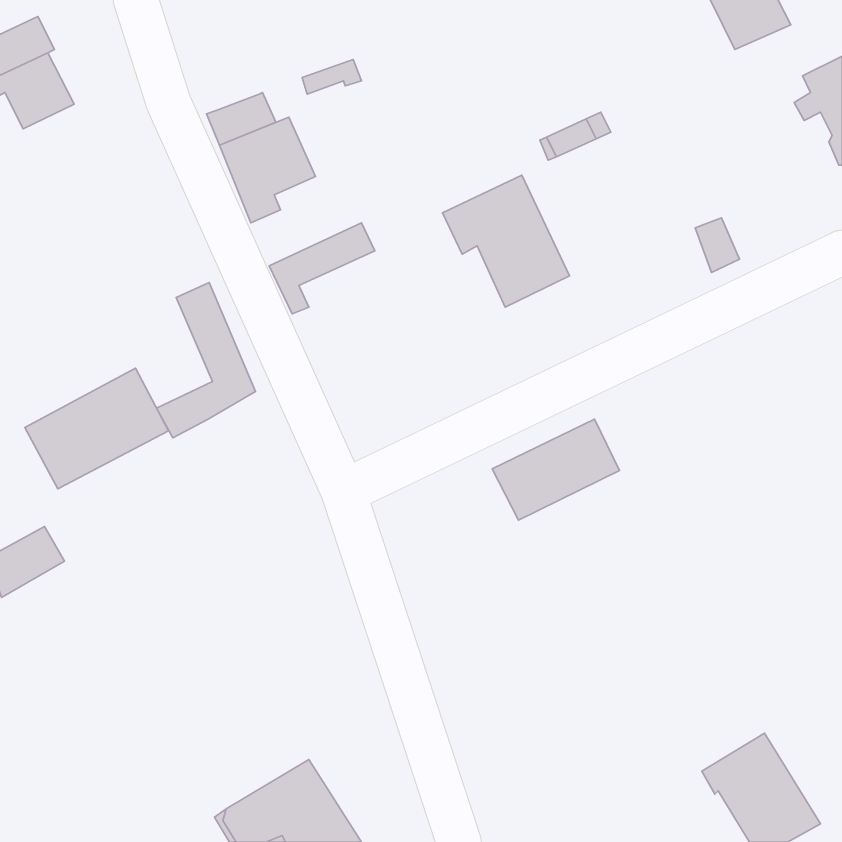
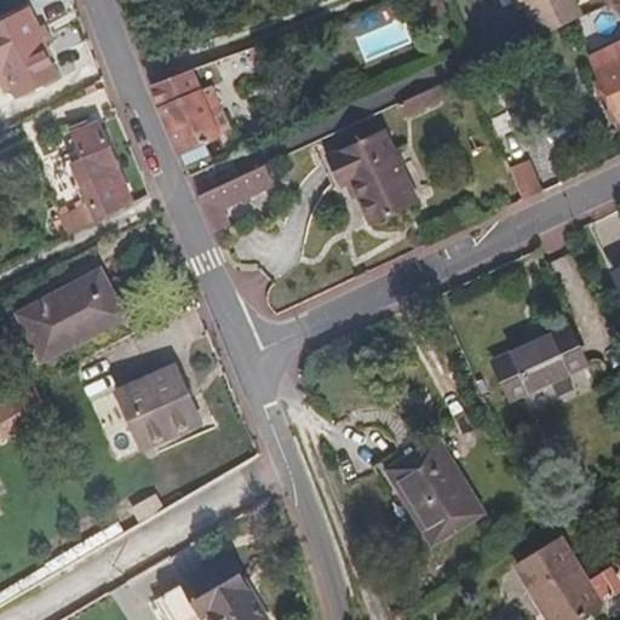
building: [156,283,255,438] -> [59,121,132,235]
building: [492,419,619,520] -> [492,326,585,400]
building: none -> [116,366,199,448]
building: none -> [385,436,483,545]

